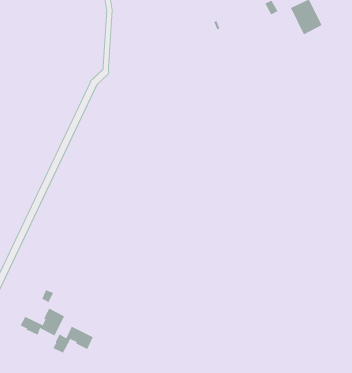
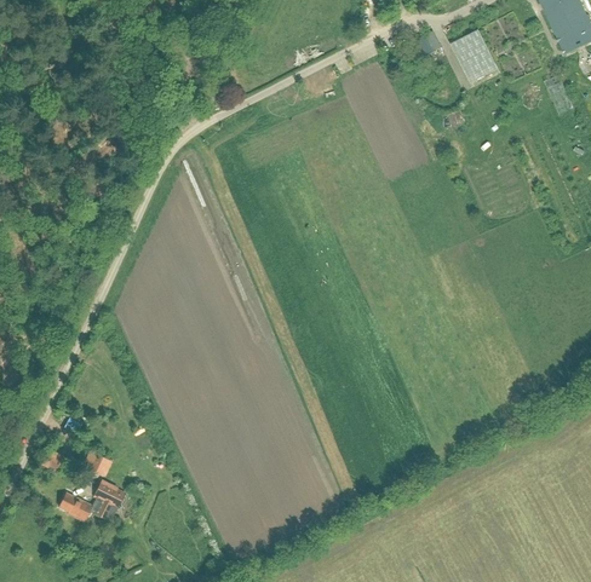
building: [53,326,94,354] -> none

